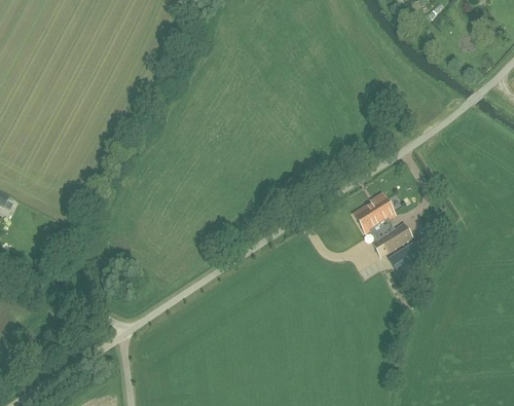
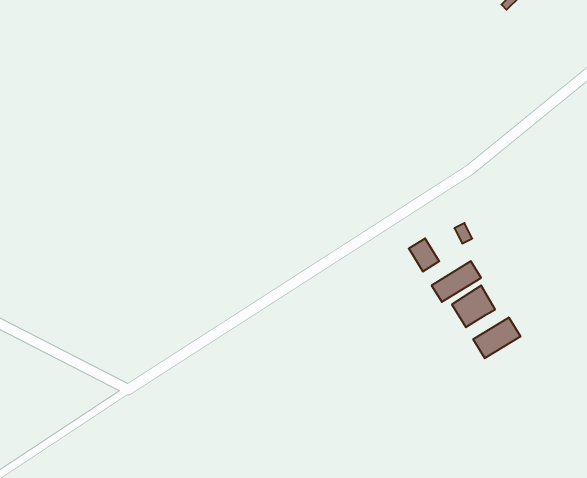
building: [368,192,395,223] -> none
building: none -> [473,317,520,358]

